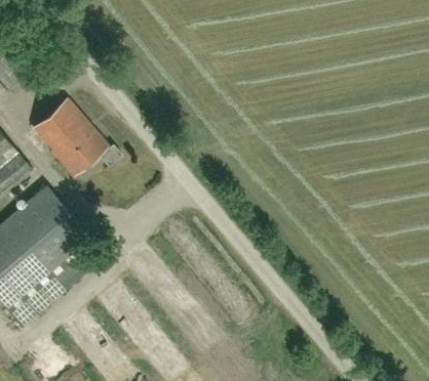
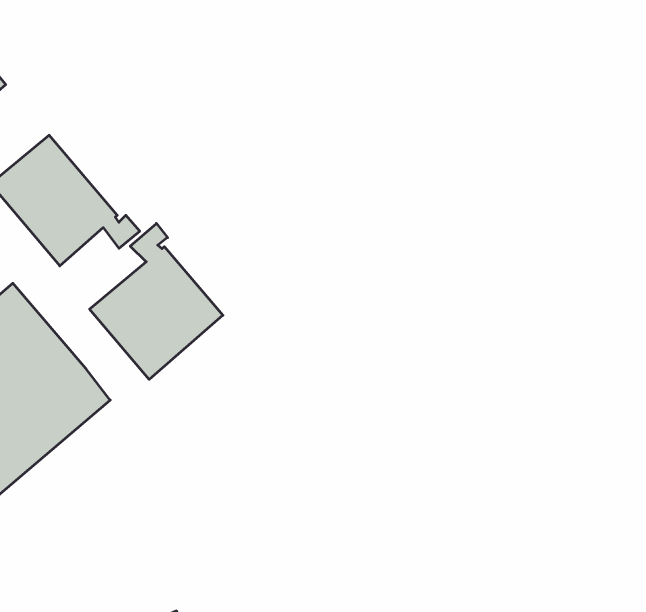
building: none -> [90,223,223,379]

